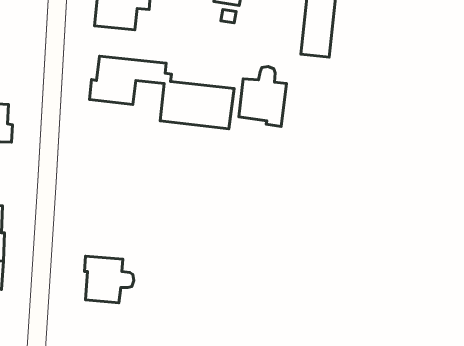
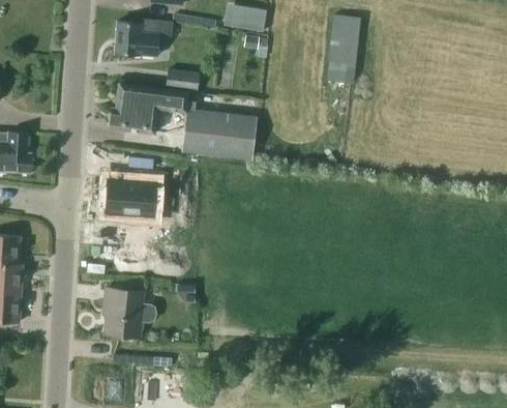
building: none -> [165,69,199,92]
building: [239,67,286,126] -> none
building: none -> [101,180,151,214]

